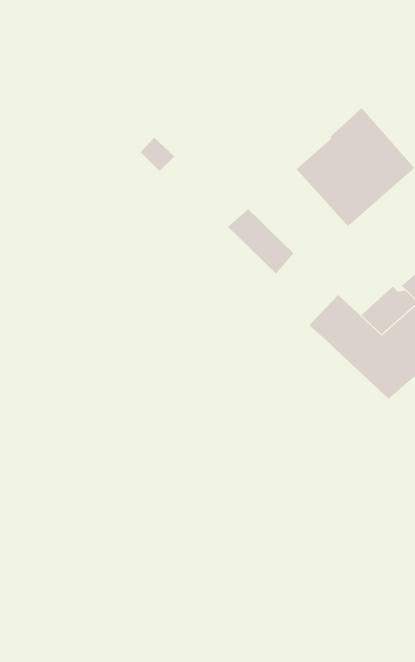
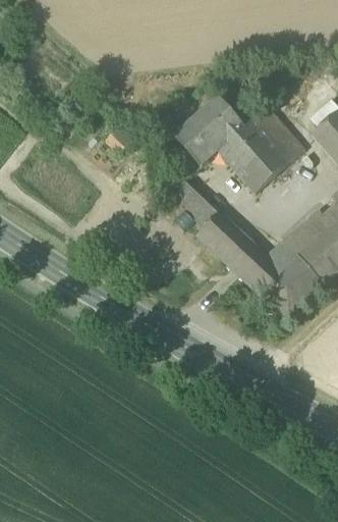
building: none -> [175,96,243,163]
building: none -> [196,210,248,262]

